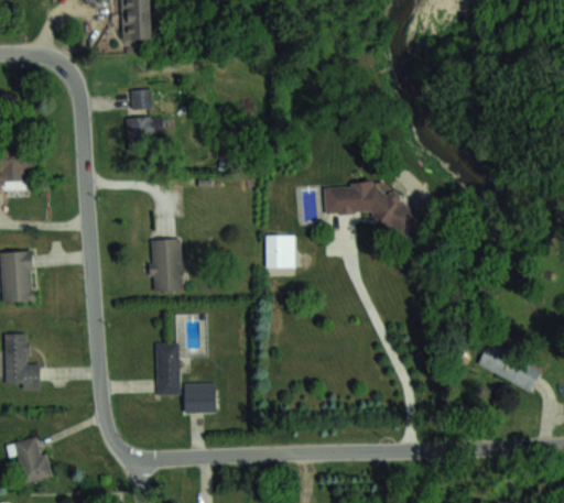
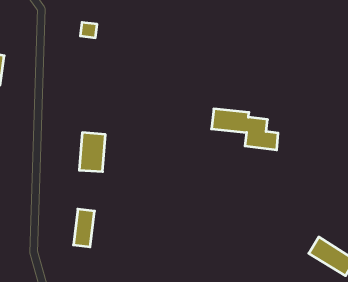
building: [127,117,164,151] -> none
building: [267,237,286,266] -> none
building: [184,383,216,413] -> none

